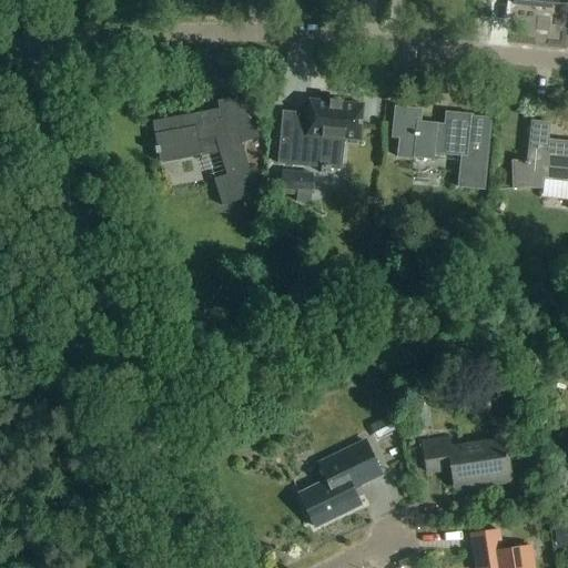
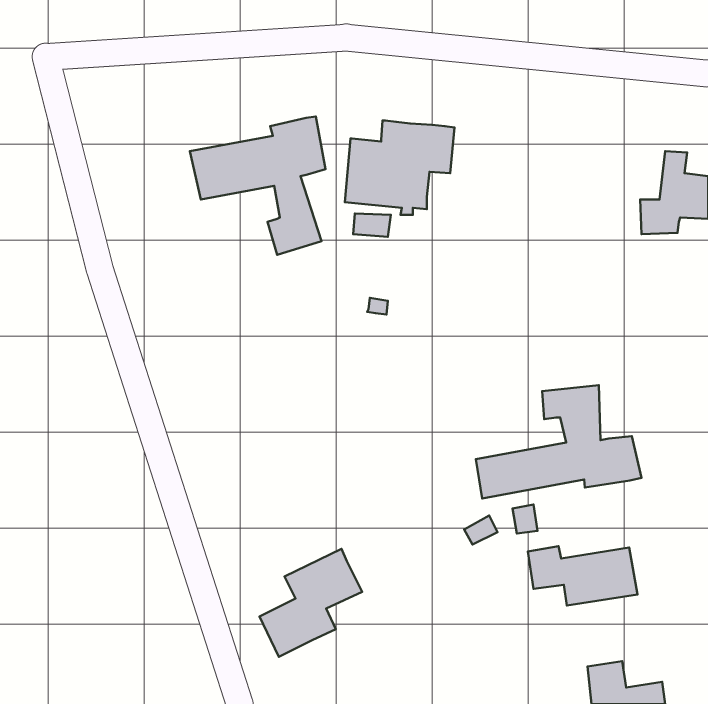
building: [392,105,494,190] -> none
building: none -> [476,385,641,499]
building: [298,439,381,526] -> [260,549,362,657]

